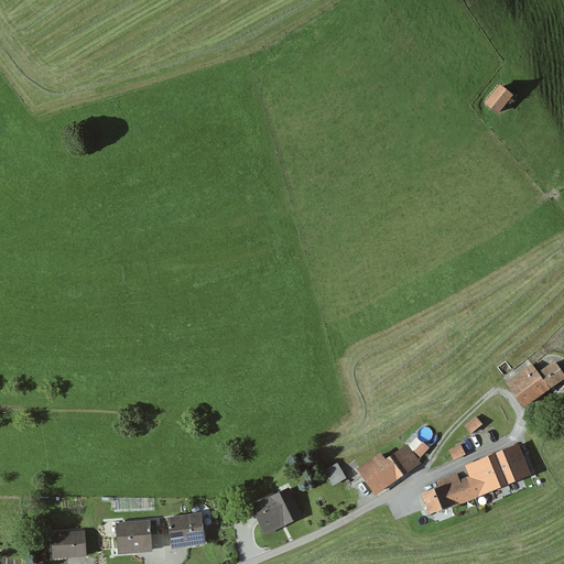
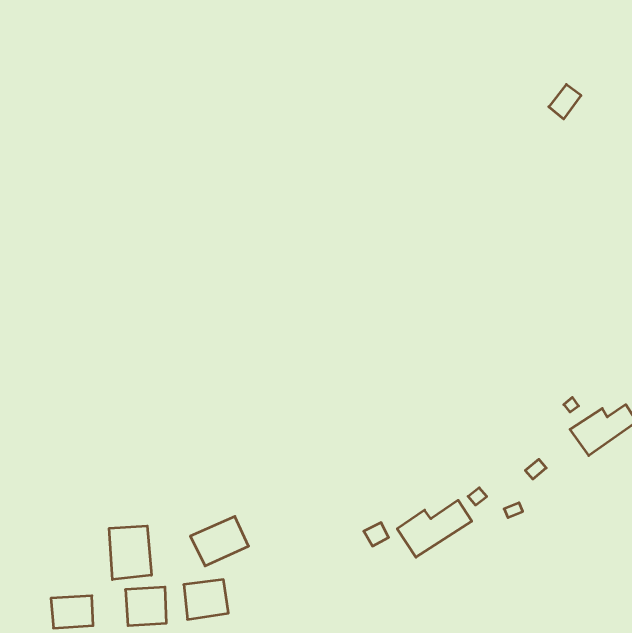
building: [425,445,531,510] -> none
building: none -> [109,526,151,580]
building: [250,489,302,533] -> [190,516,249,566]

